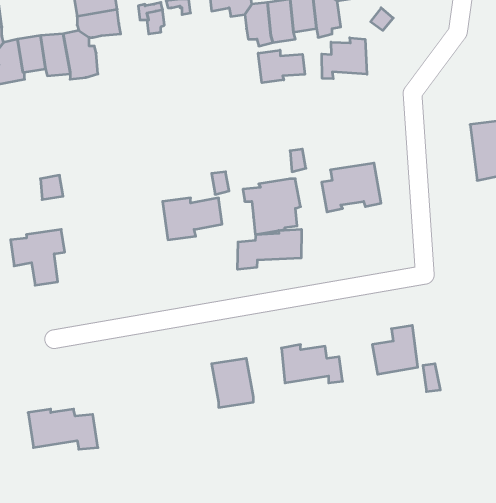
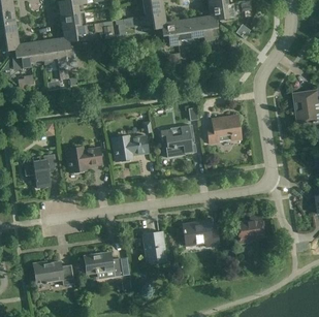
building: [322,38,367,79] -> none
building: [258,50,305,83] -> none
building: none -> [66,148,101,172]
building: [238,229,301,269] -> none
building: none -> [84,252,123,277]

